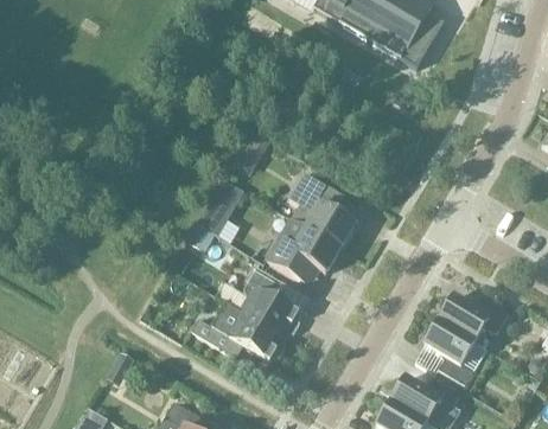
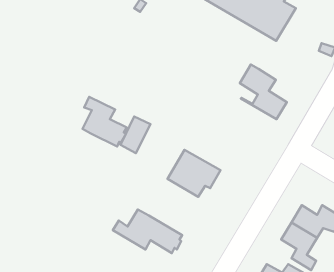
building: none -> [83,97,127,146]
building: [289,169,355,245] -> [240,65,287,119]
building: [241,267,301,335] -> none

